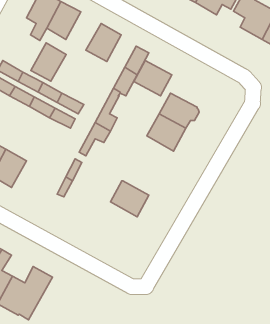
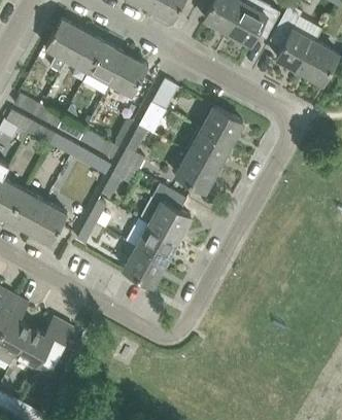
building: [31,43,66,81] -> [88,42,126,83]
building: [134,60,172,96] -> [201,107,242,145]
building: none -> [139,183,191,240]
building: none -> [29,203,67,244]
building: none -> [124,247,165,286]

